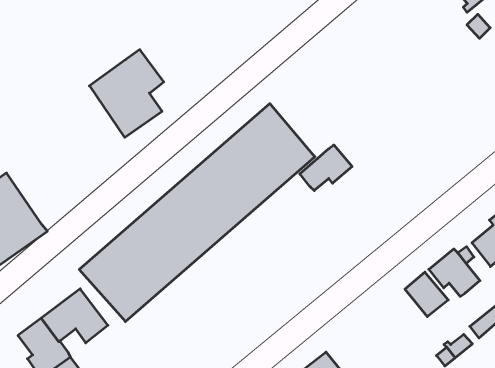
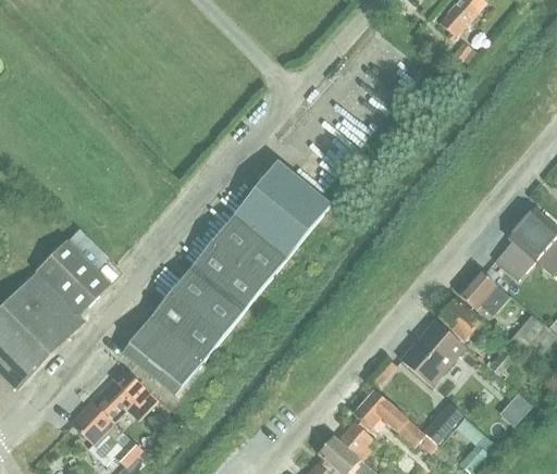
building: [89,50,164,137] -> [36,228,110,315]
building: [300,145,352,191] -> none
building: none -> [400,320,465,385]

